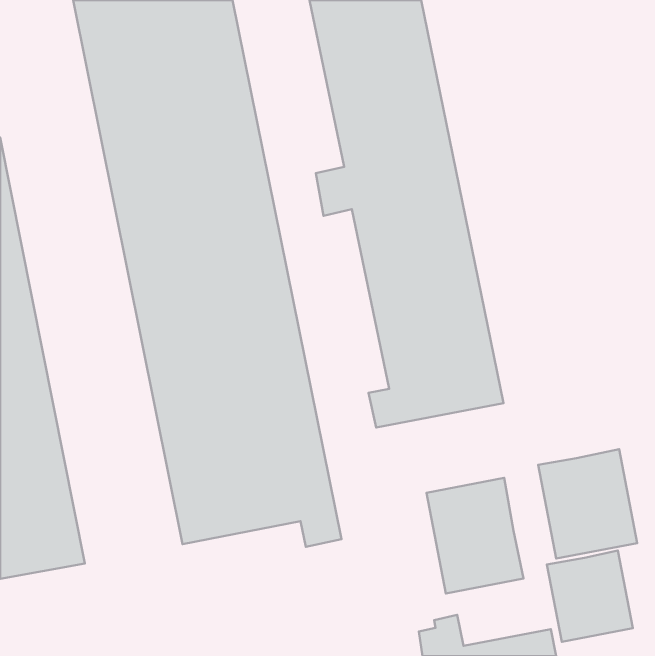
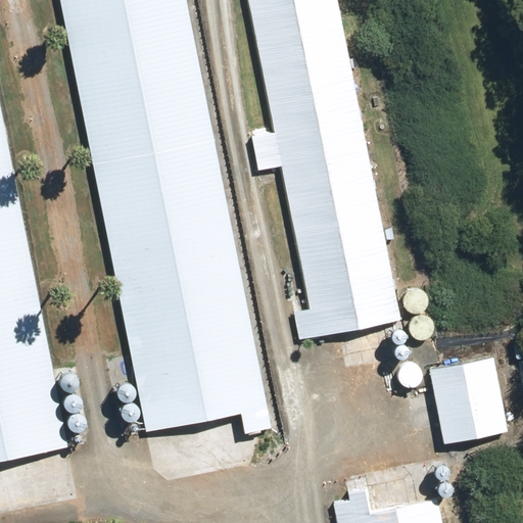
building: [426,478,523,593] -> none
building: [547,551,633,642] -> none

